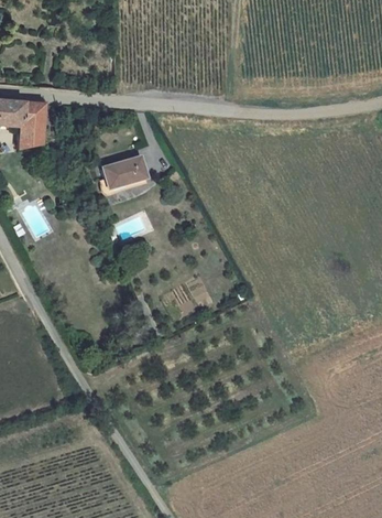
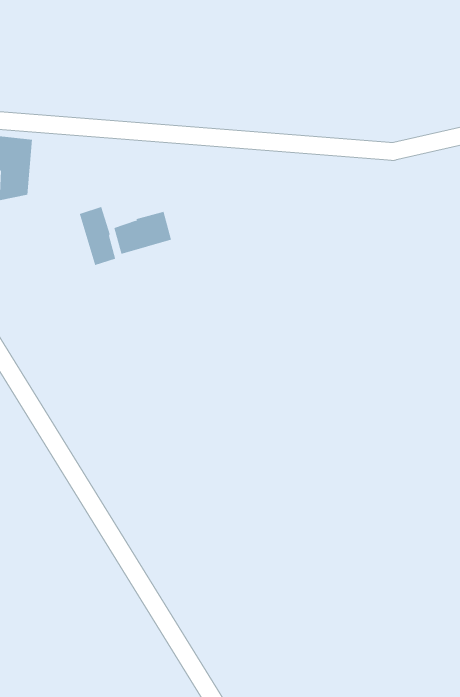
building: none -> [79,206,116,266]

